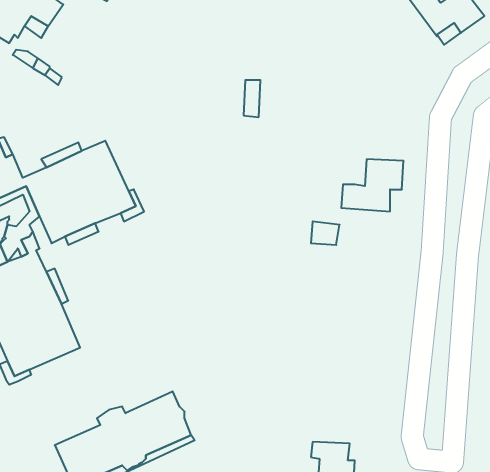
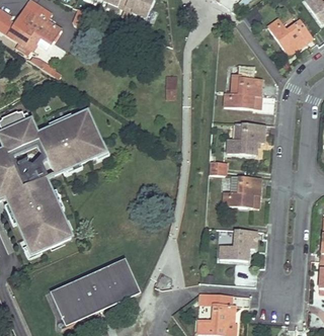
building: none -> [224,77,261,108]
building: none -> [223,176,260,207]
building: none -> [219,230,257,261]

